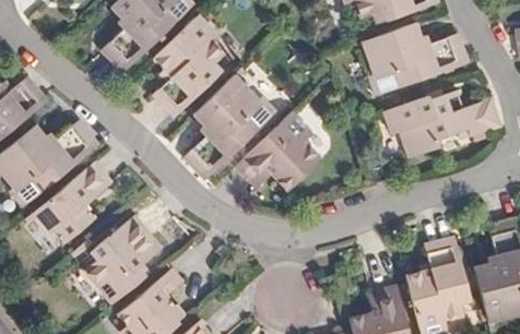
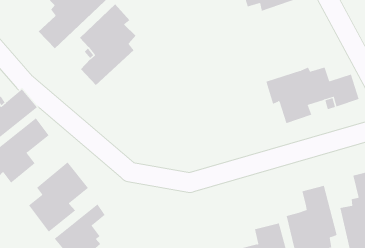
building: [362,22,468,94] -> none
building: [186,72,277,176] -> none
building: [236,108,321,187] -> none

